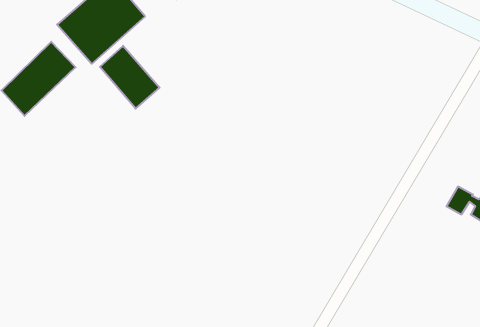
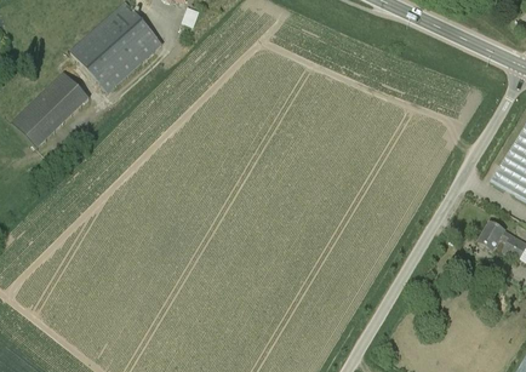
building: [100,46,160,109] -> none

